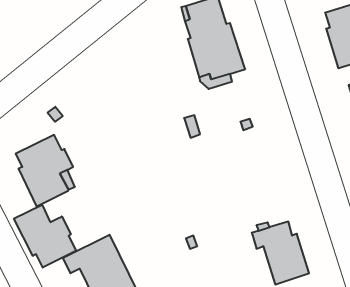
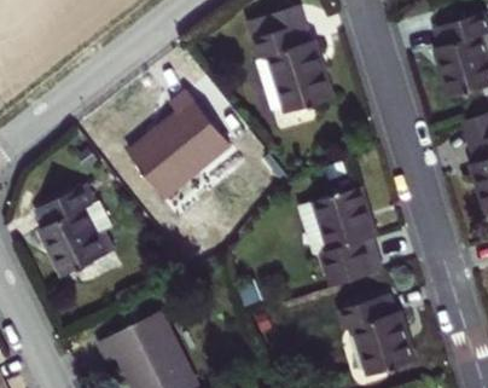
building: none -> [130,89,228,195]
building: none -> [301,186,379,285]
building: [14,205,76,268] -> none

